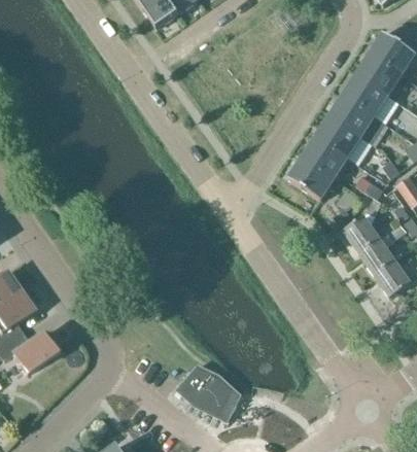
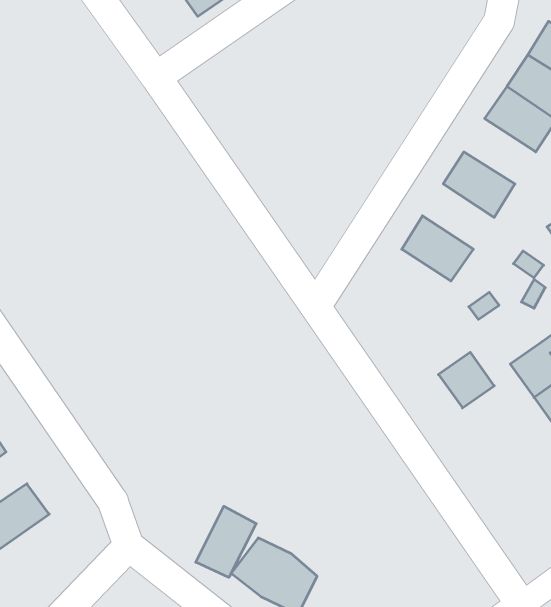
building: [328,94,375,136] -> none
building: [302,136,348,178] -> none
building: [343,216,379,252] -> [438,352,494,408]
building: none -> [196,506,256,577]

